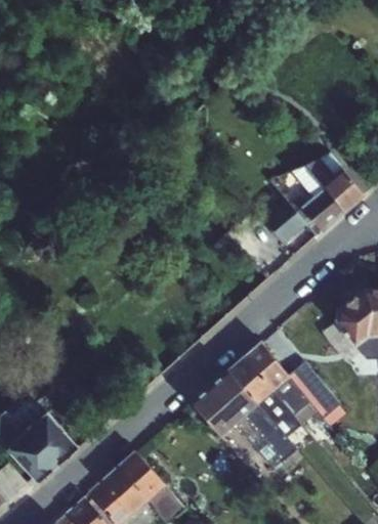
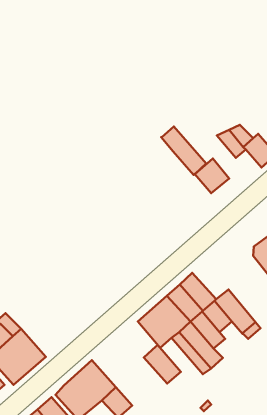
building: none -> [161,127,206,175]
building: [302,189,346,232] -> none
building: none -> [144,345,181,383]

